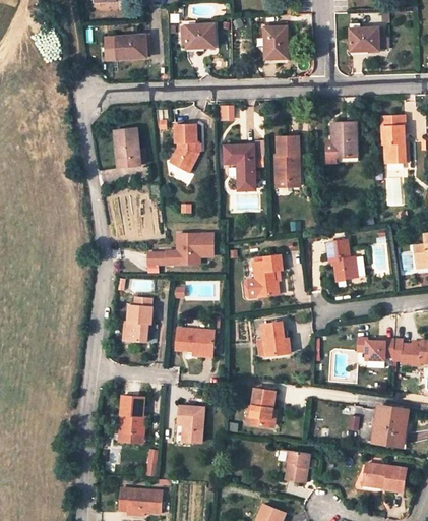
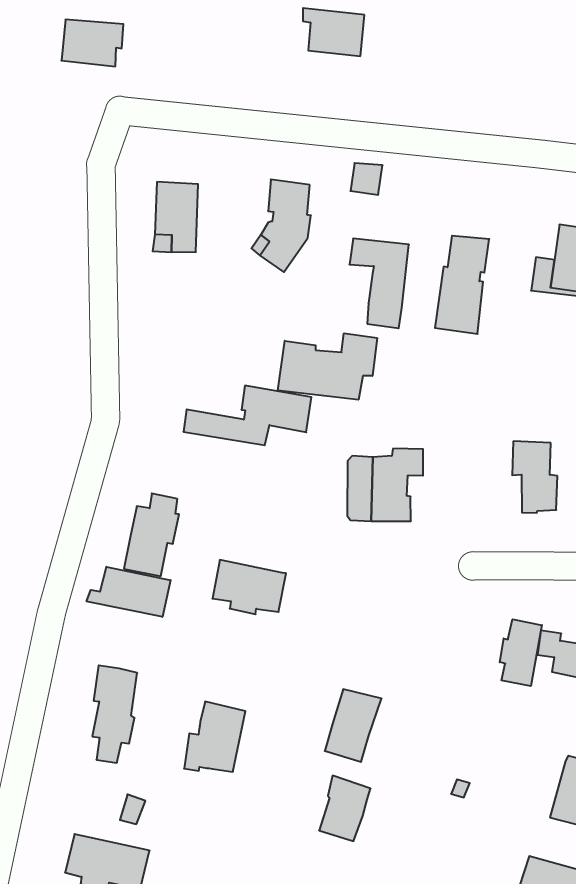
building: [262,26,286,58] -> none
building: [113,35,145,59] -> [61,20,123,66]
building: none -> [278,333,377,400]
building: [260,322,288,356] -> none
building: none -> [500,619,542,686]
building: none -> [87,567,171,617]
building: [285,449,309,482] -> [319,776,371,841]

